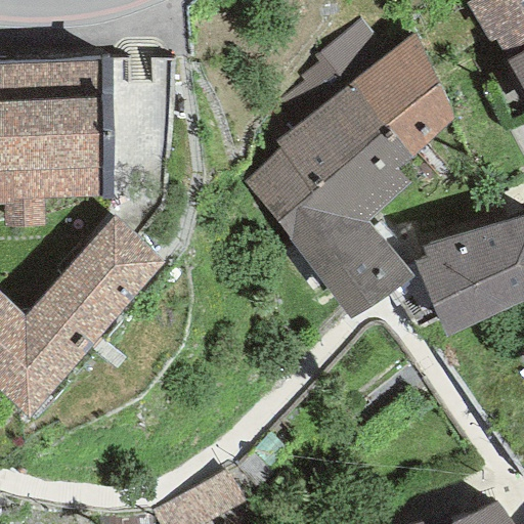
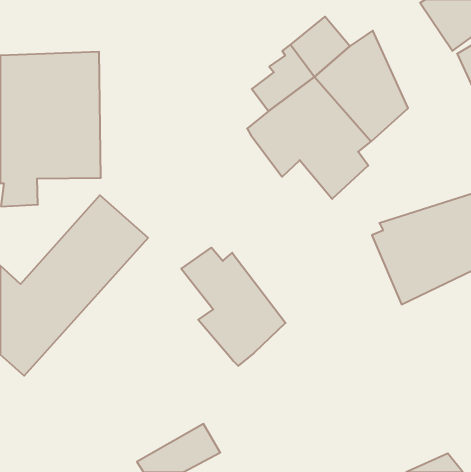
building: [245,149,416,319] -> none
building: none -> [181,248,286,366]

